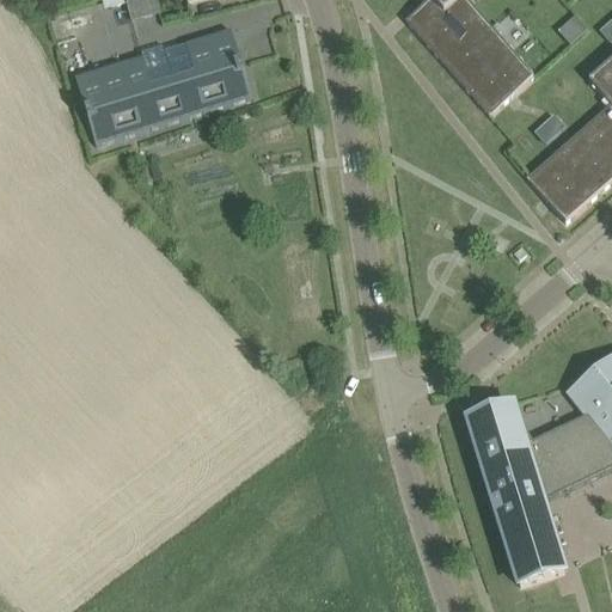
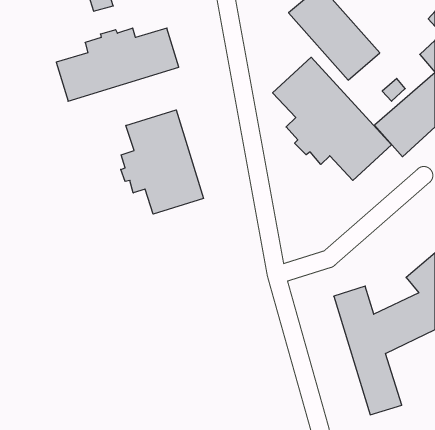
building: none -> [273,57,391,180]
building: none -> [121,110,204,214]

